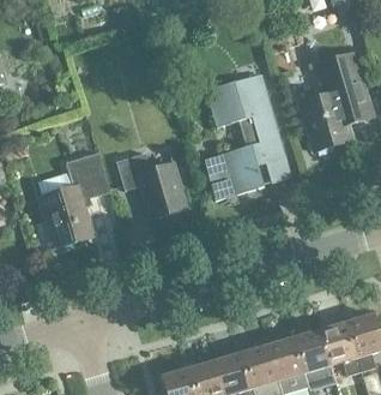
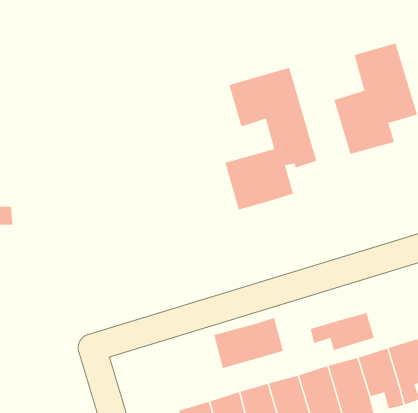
building: [42,152,111,247] -> none
building: [117,152,187,220] -> none
building: none -> [310,312,374,351]
building: none -> [213,317,283,369]

